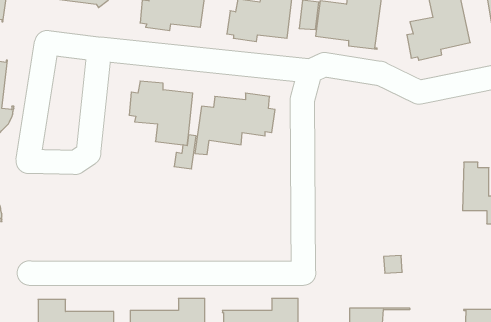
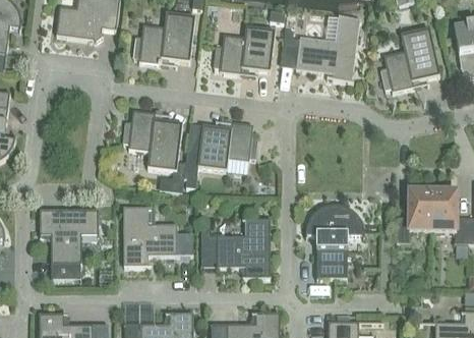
building: none -> [396,186,433,242]
building: none -> [305,205,364,279]
building: none -> [123,207,179,266]
building: none -> [40,210,99,280]
building: none -> [200,219,271,278]

